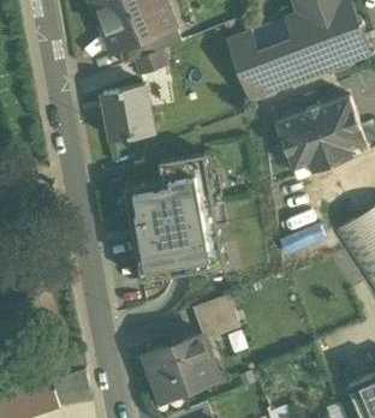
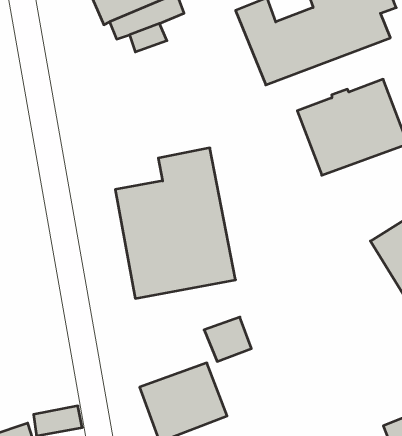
building: [101,82,153,138] -> none

